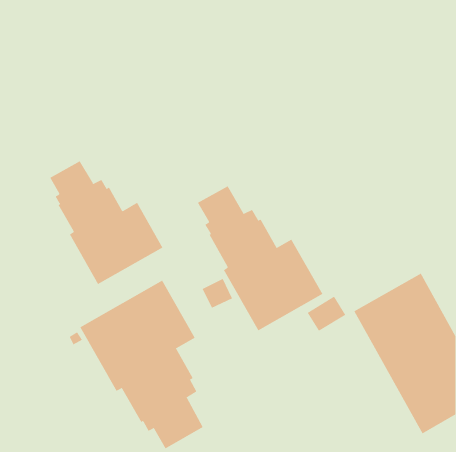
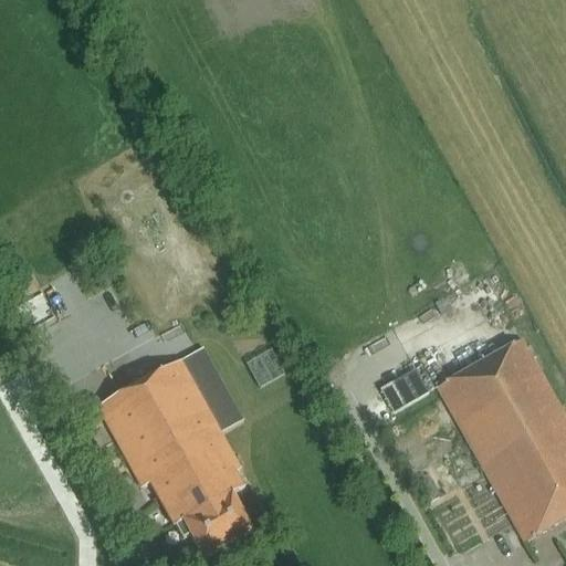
building: [49,161,163,285] -> none
building: [197,185,323,331] -> none

